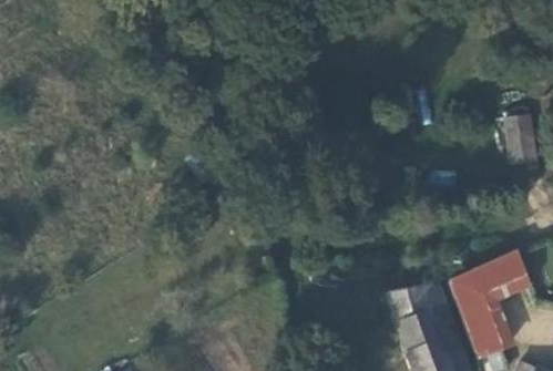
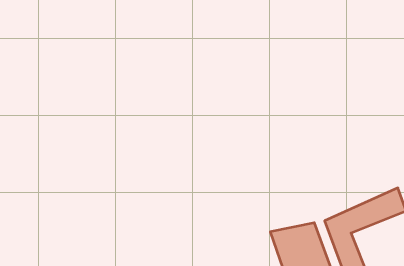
building: [504,115,536,167] -> none

